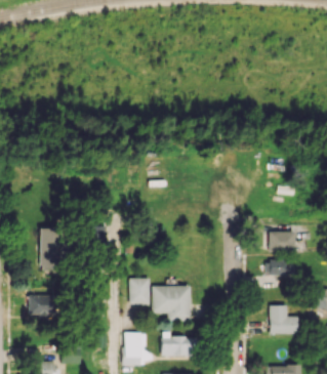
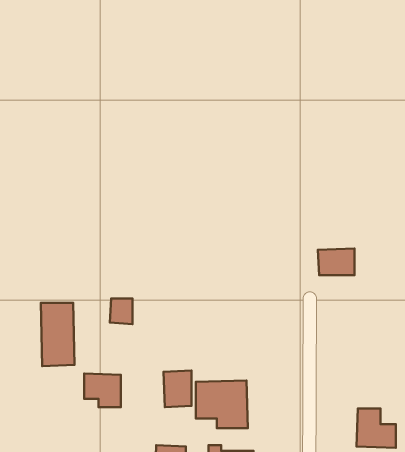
building: [269,232,295,251] -> [318,249,355,275]
building: [265,259,295,277] -> none
building: [29,295,55,320] -> [84,373,121,407]

